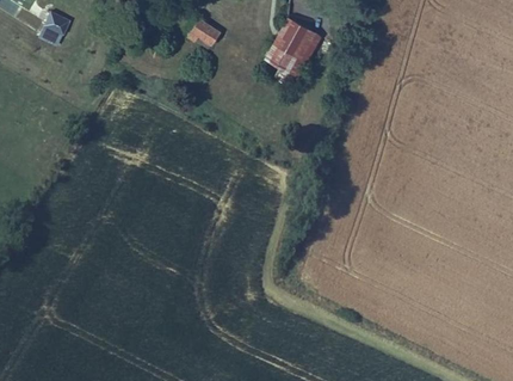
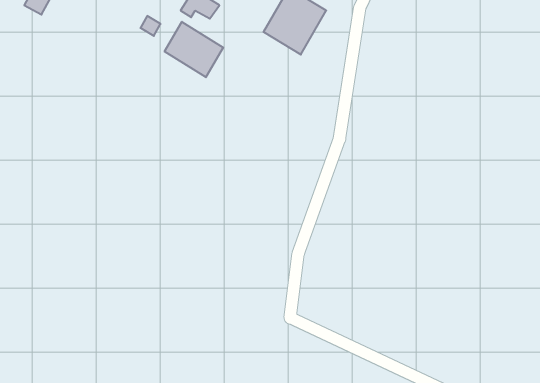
building: none -> [165,22,223,77]

